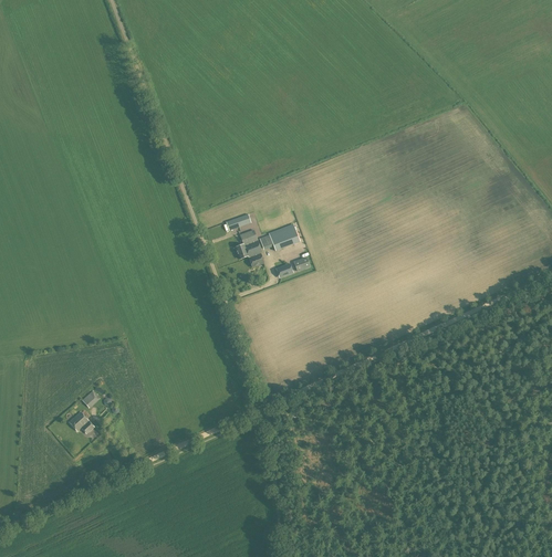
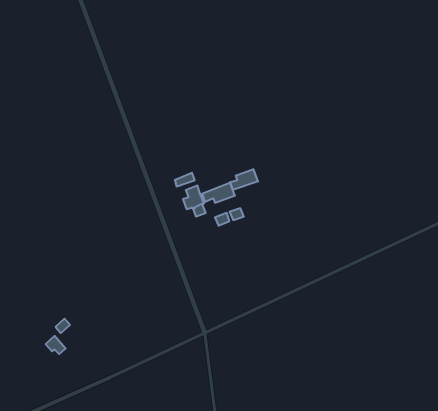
building: none -> [230,169,258,190]

